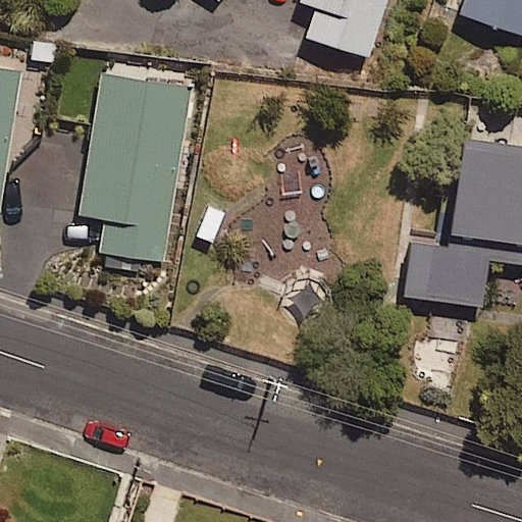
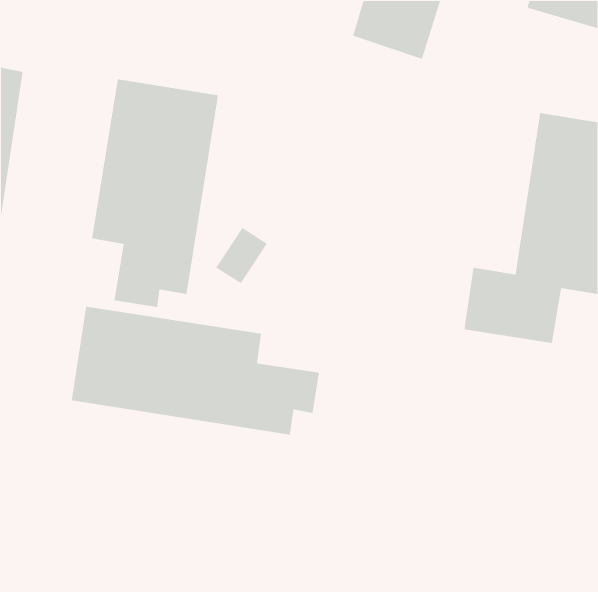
building: none -> [71,306,320,436]

